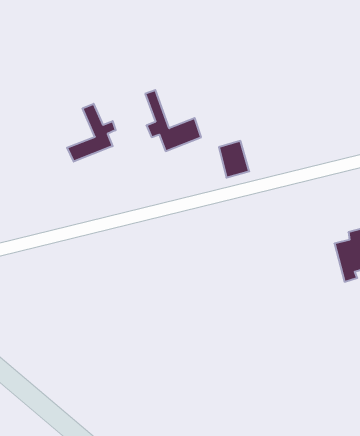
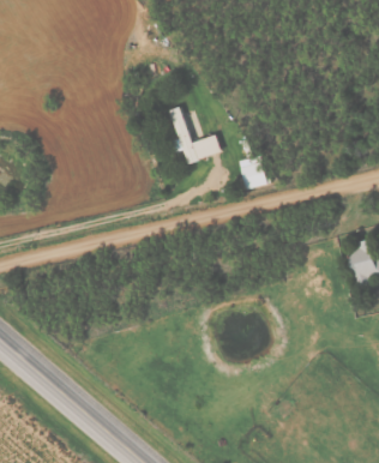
building: [67,104,116,162] -> none

